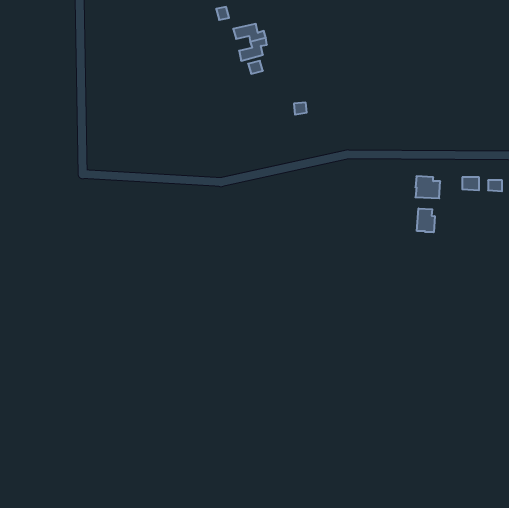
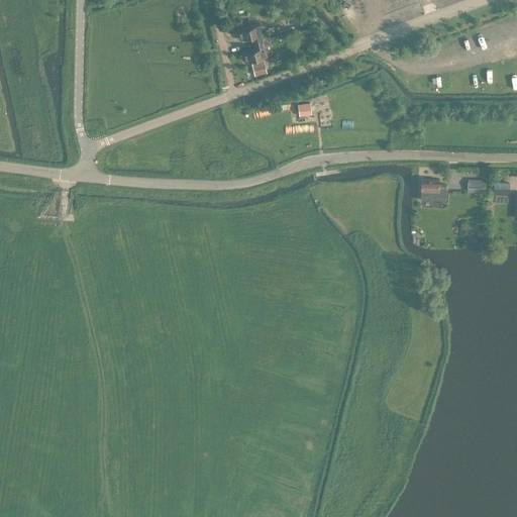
building: [417,208,435,232] -> none

